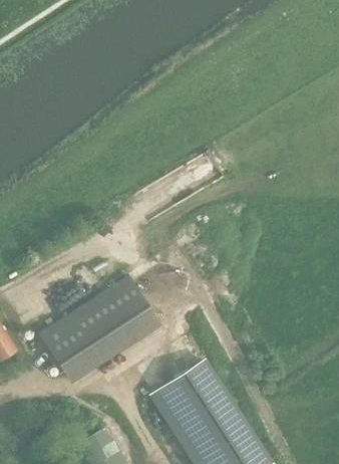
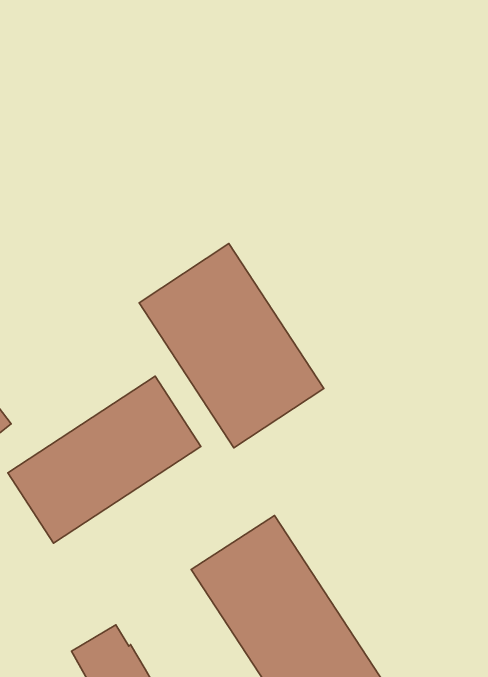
building: none -> [139,244,324,448]

